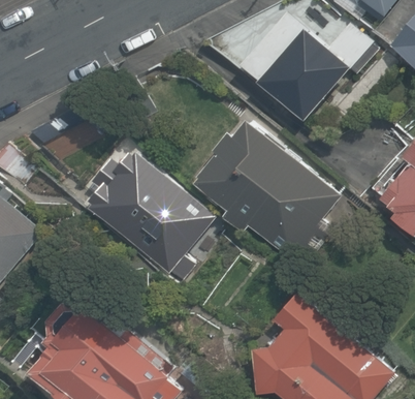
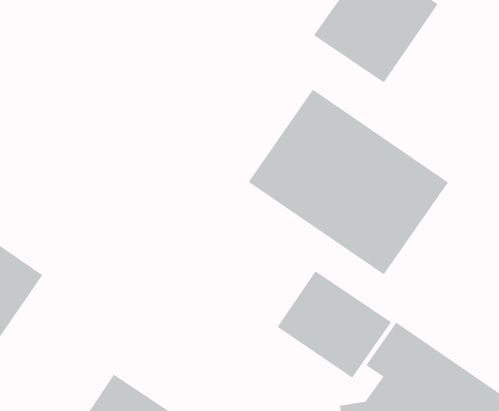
building: [86,152,219,277] -> none
building: none -> [277,270,392,379]

